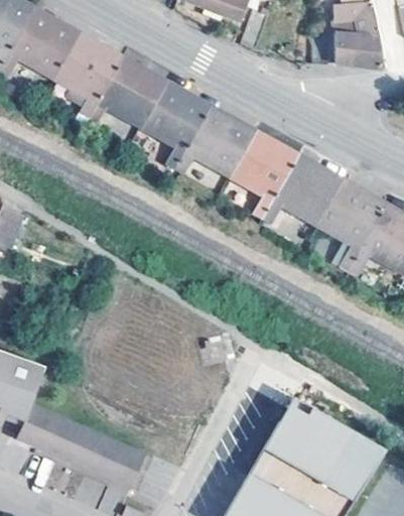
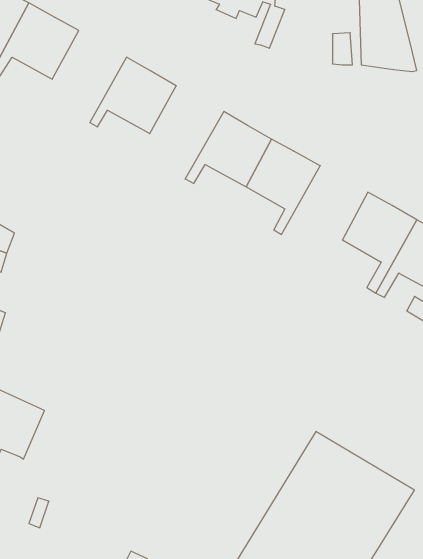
building: [54,32,122,116] -> none
building: [143,83,211,167] -> none
building: [263,155,342,223] -> none
building: [18,406,146,488] -> none

